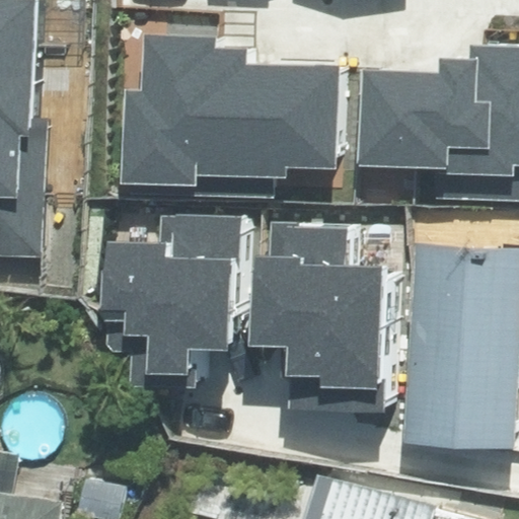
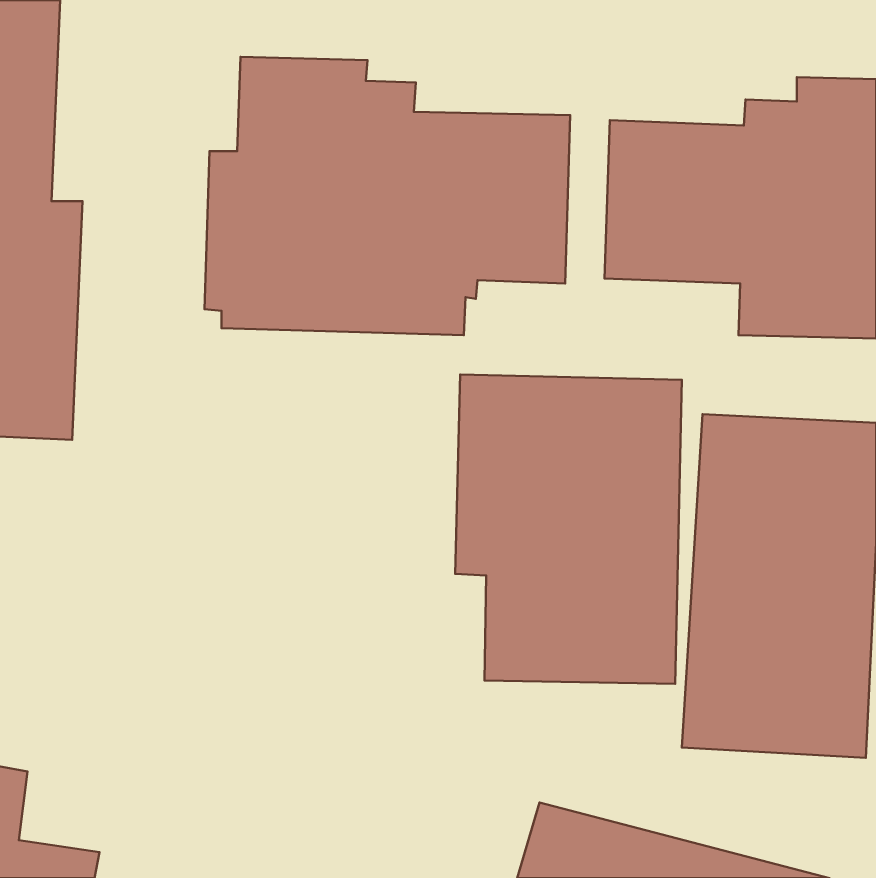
building: [117,214,253,374] -> none

